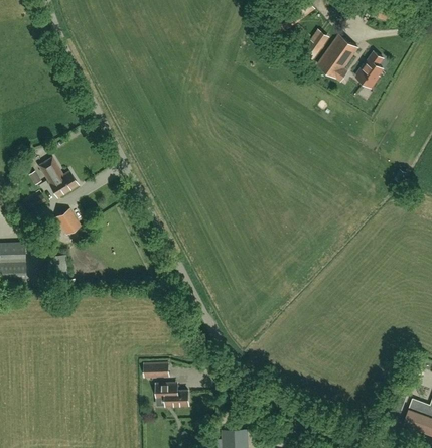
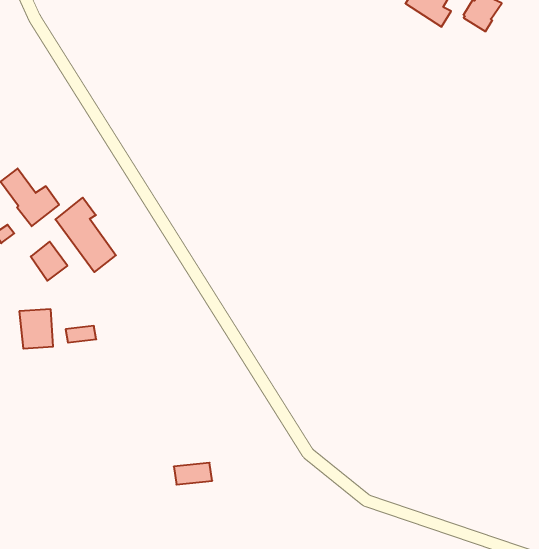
building: none -> [55,198,116,272]
building: [155,383,188,405] -> none

